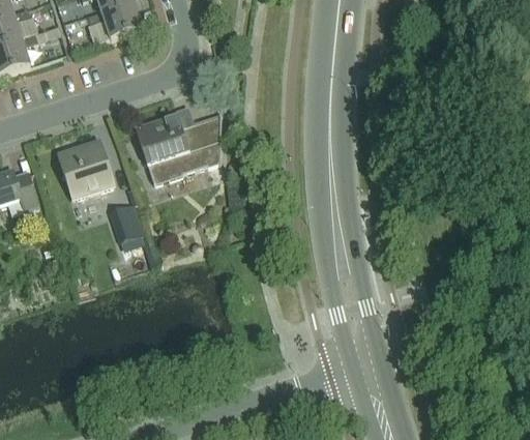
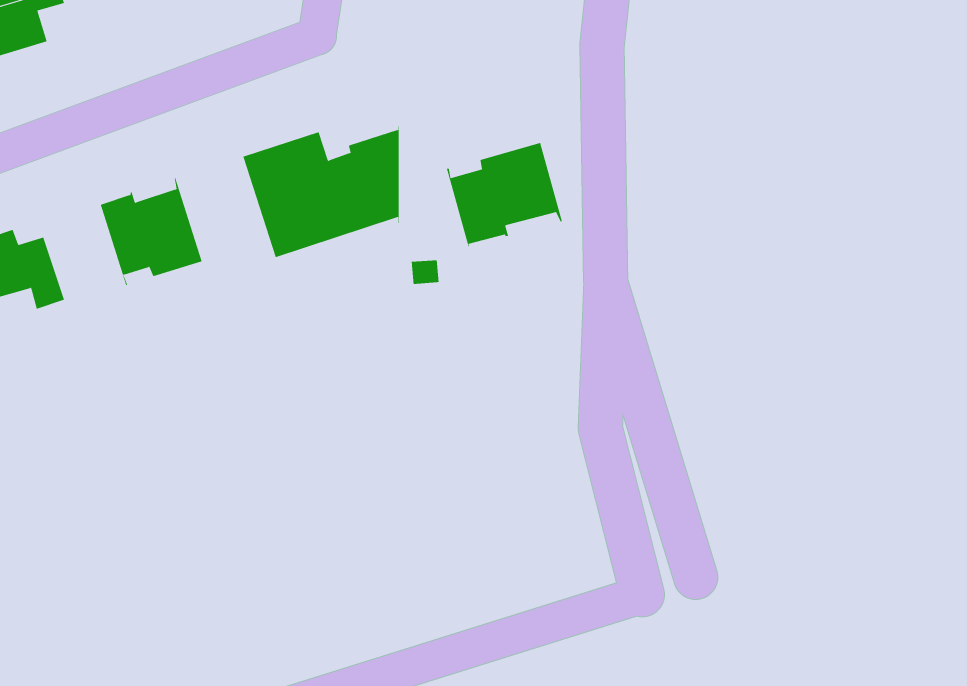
building: none -> [446,142,563,247]
building: [110,203,144,241] -> none

